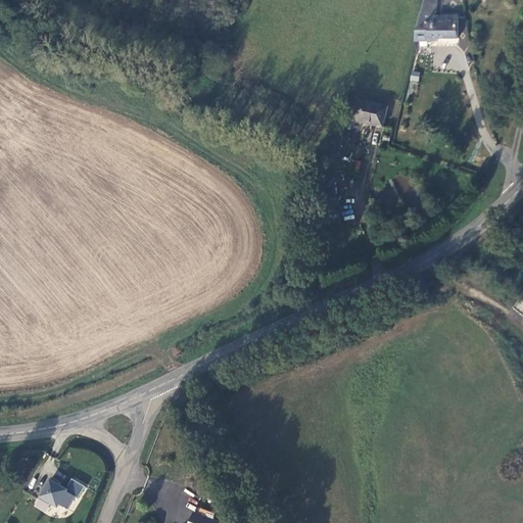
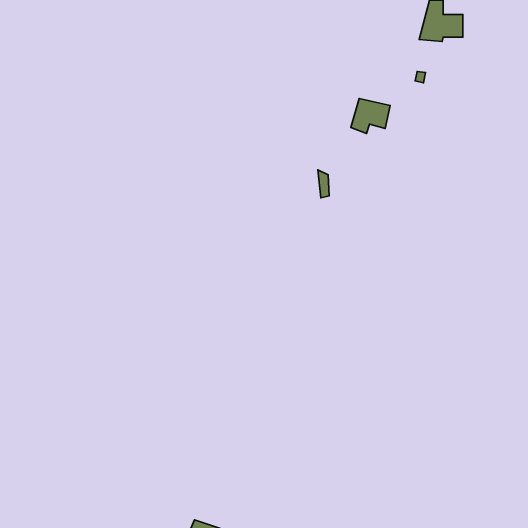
building: [38,479,84,509] -> none

